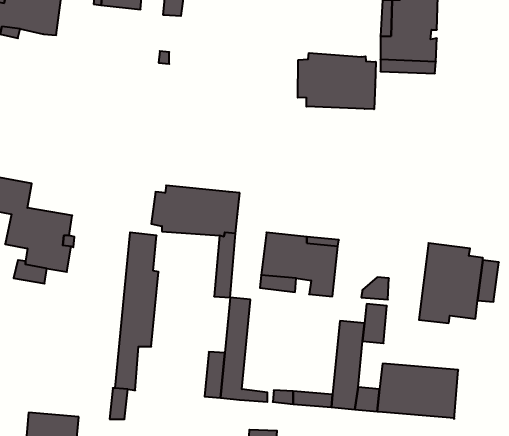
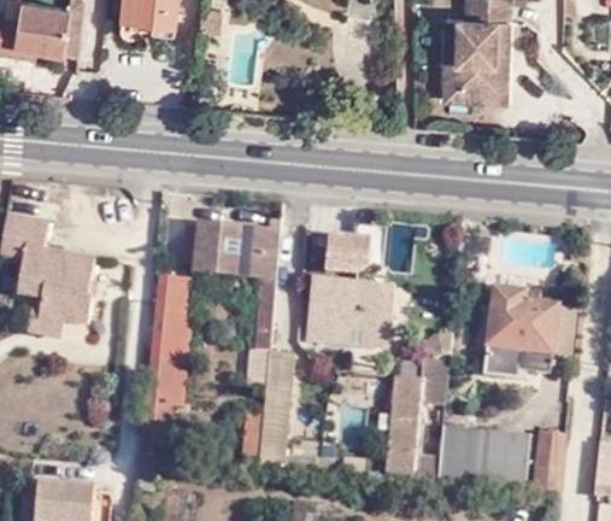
building: [298,53,376,109] -> none
building: none -> [310,230,371,271]
building: none -> [533,429,564,490]

